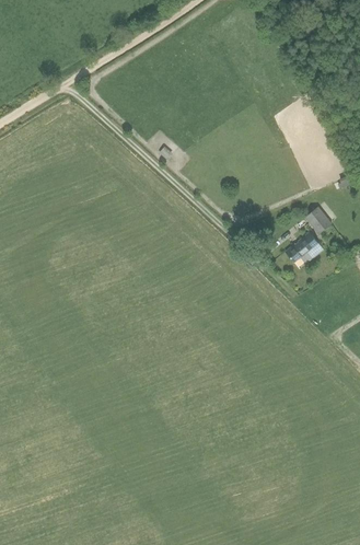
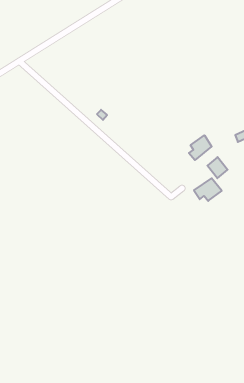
building: none -> [189,135,212,160]

